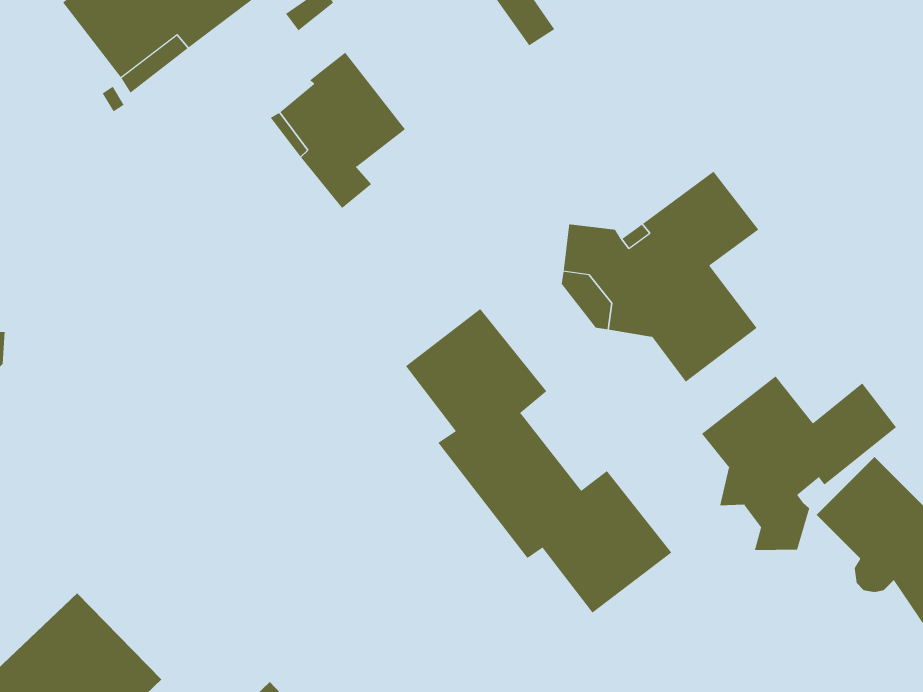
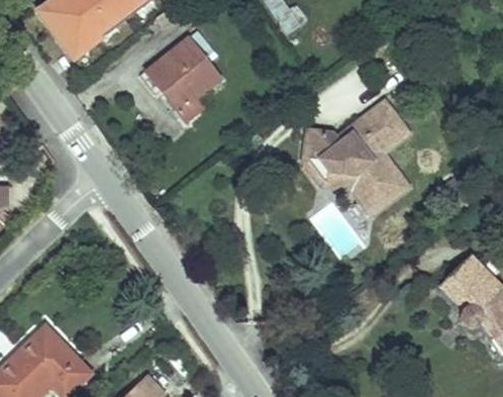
building: [405,308,672,613] -> none
building: [701,375,897,551] -> none

